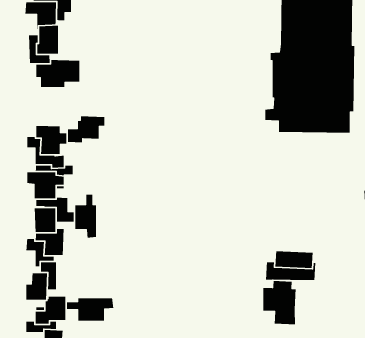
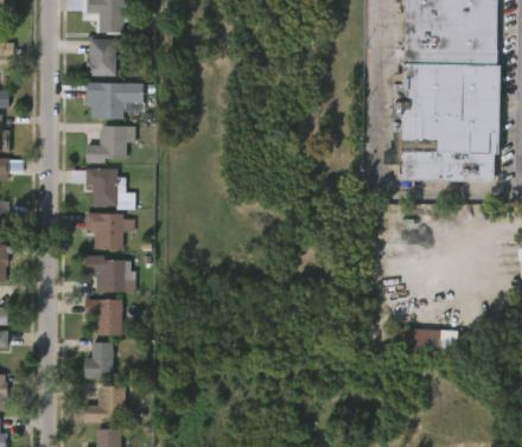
building: [67,115,105,143] -> [89,126,138,161]
building: [75,194,97,238] -> none
building: [262,280,297,325] -> none
building: [66,297,114,322] -> none

